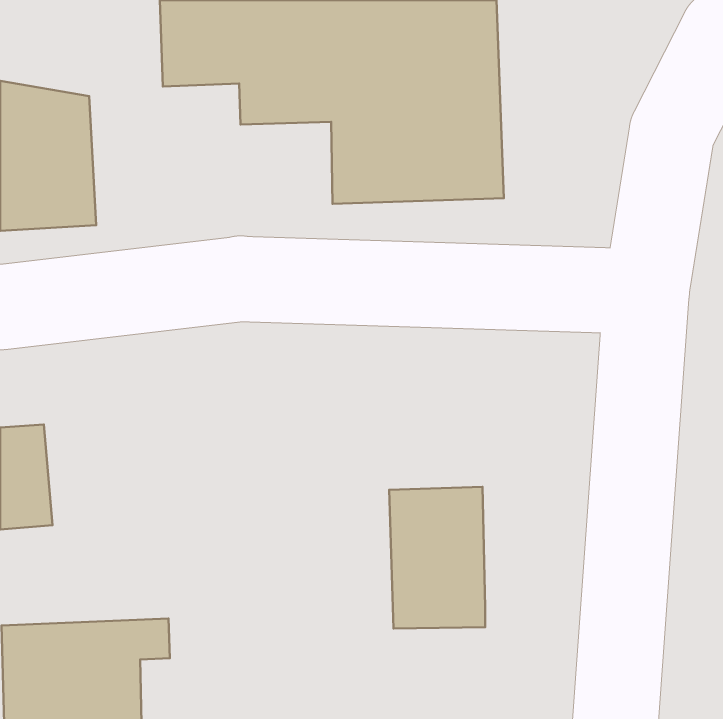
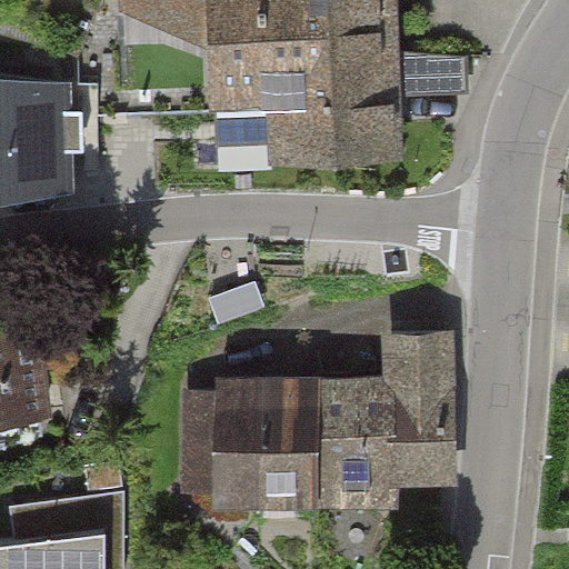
building: none -> [378,339,452,480]
building: none -> [190,388,309,499]

